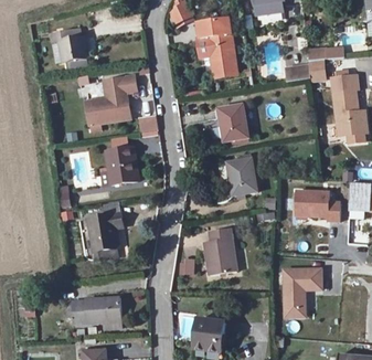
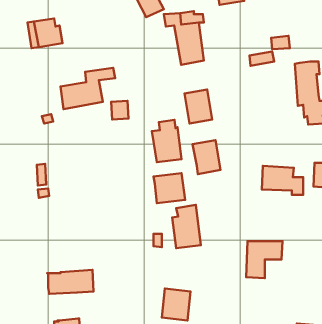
building: [104,139,136,184] -> [152,120,182,162]
building: none -> [154,173,185,203]
building: [86,213,120,261] -> none

